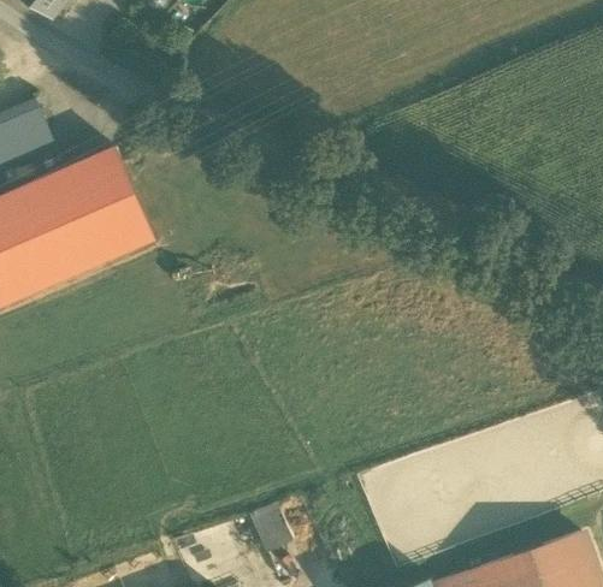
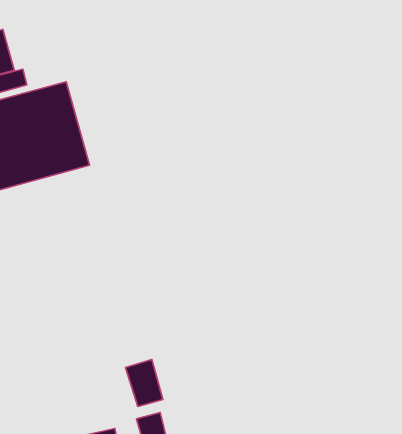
building: none -> [126,360,163,407]

